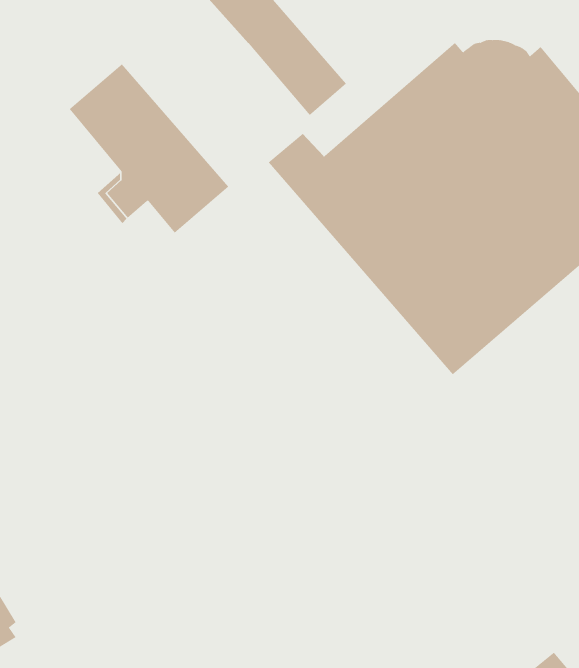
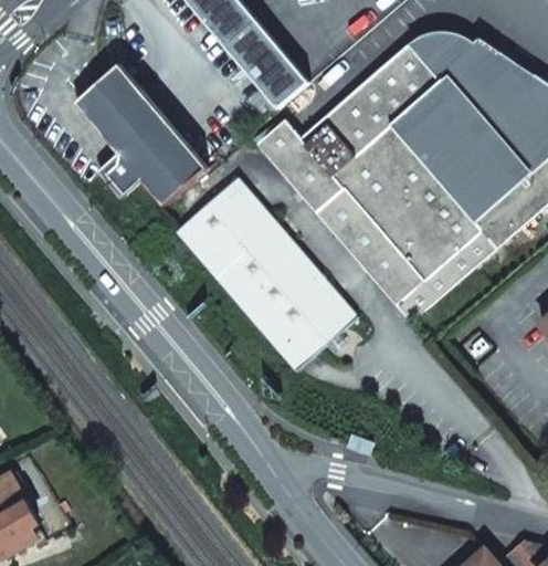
building: none -> [170,172,352,367]

